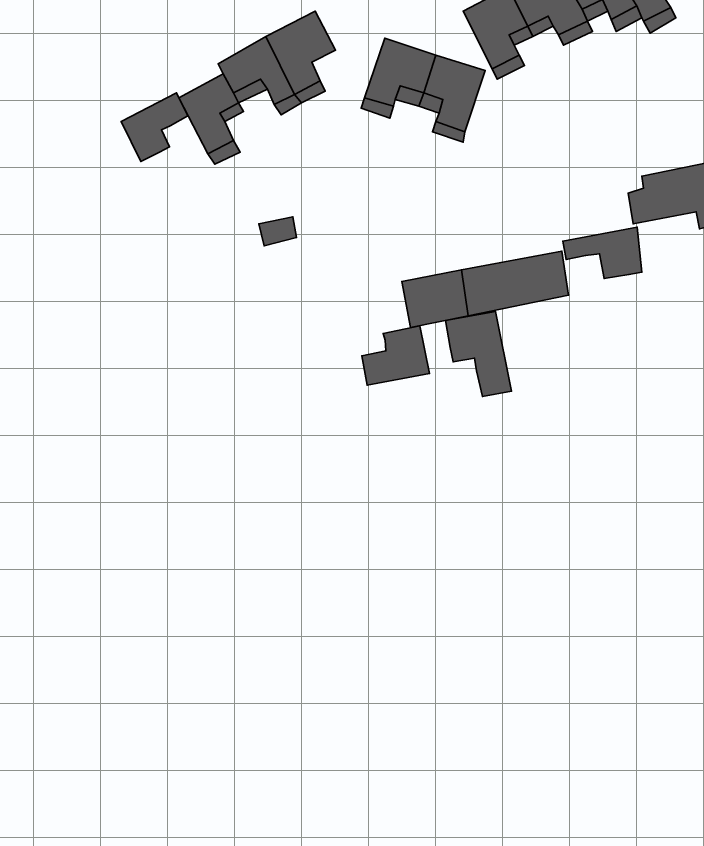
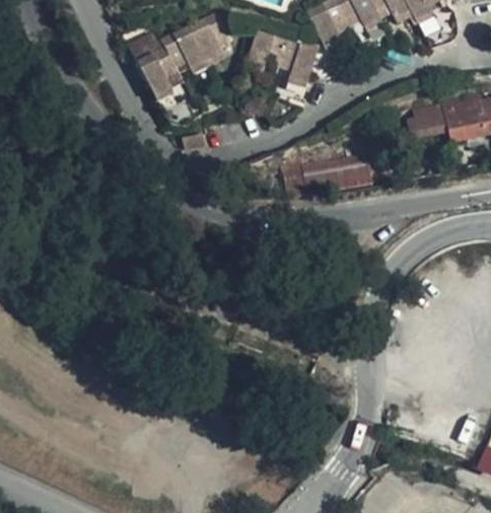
building: [121,93,188,161] -> none
building: [563,227,642,279] -> none
building: [445,312,511,396] -> none
building: [362,326,429,385] -> none

